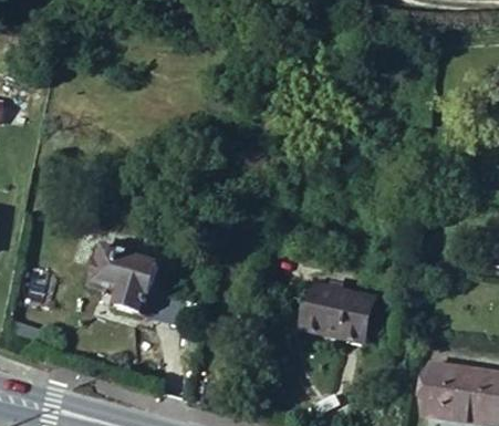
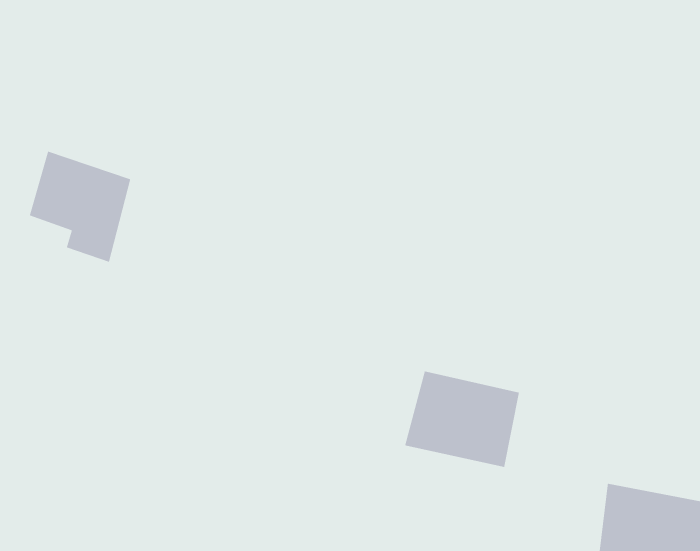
building: [90,242,157,316] -> [29,150,131,263]

